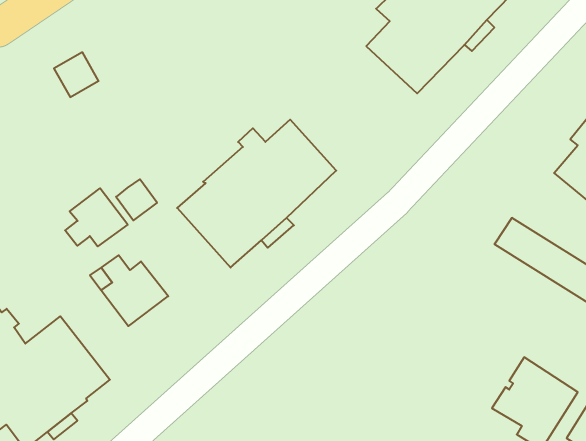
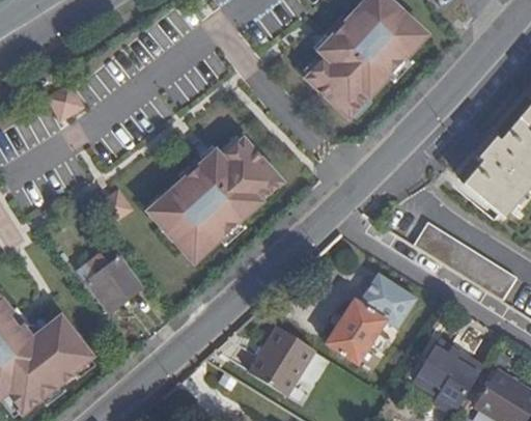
building: [65,188,128,246] -> none
building: none -> [325,273,417,364]
building: none -> [248,325,315,395]

